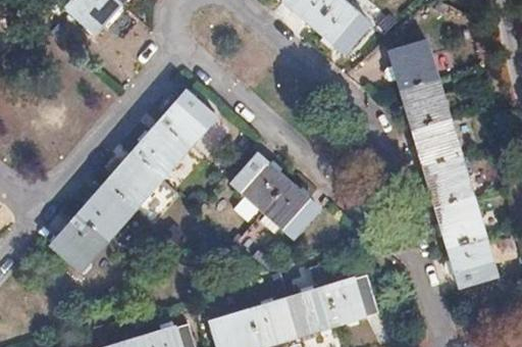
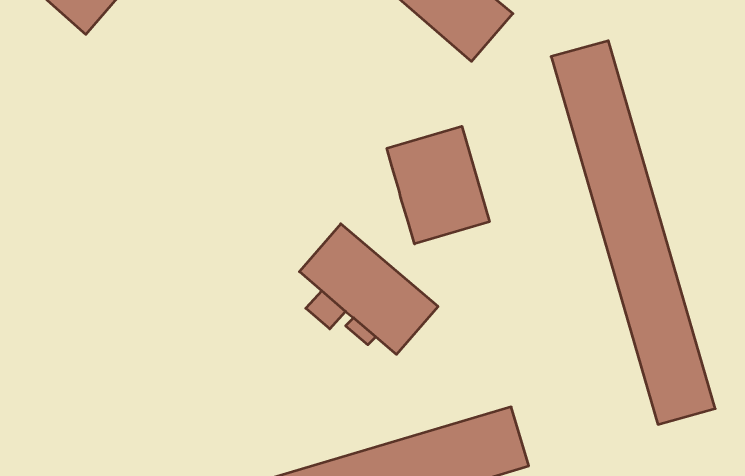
building: [50,92,215,272] -> none
building: none -> [387,126,489,244]

